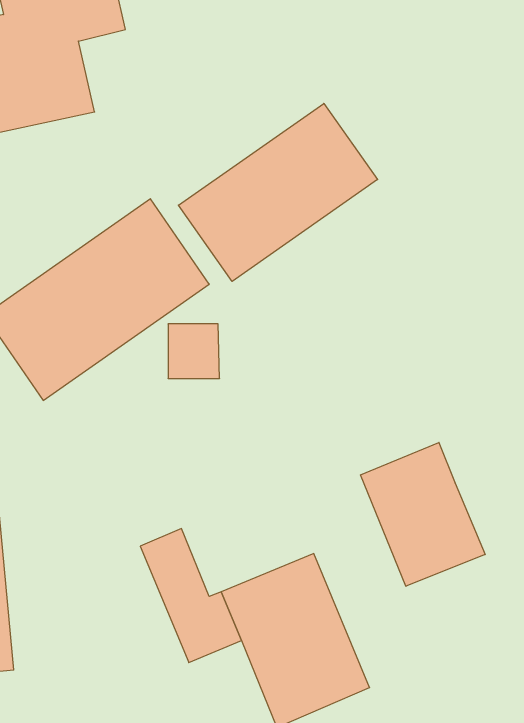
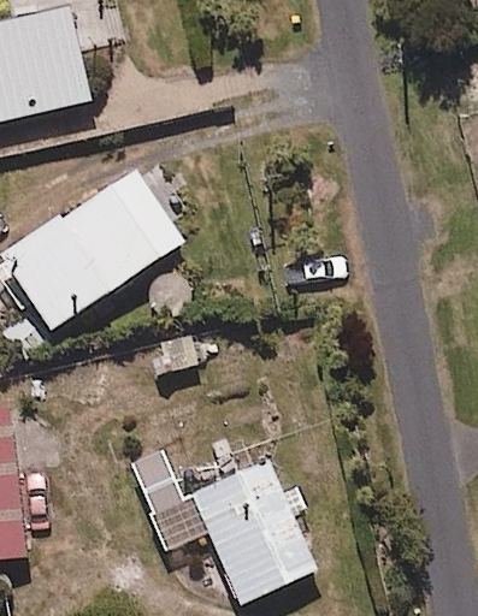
building: [178,103,378,281] -> none
building: [361,442,485,586] -> none

